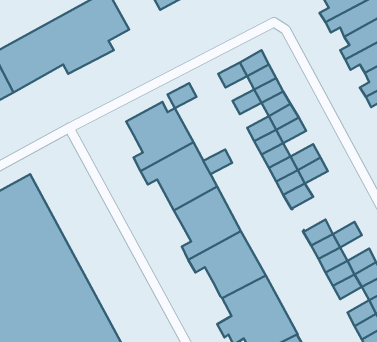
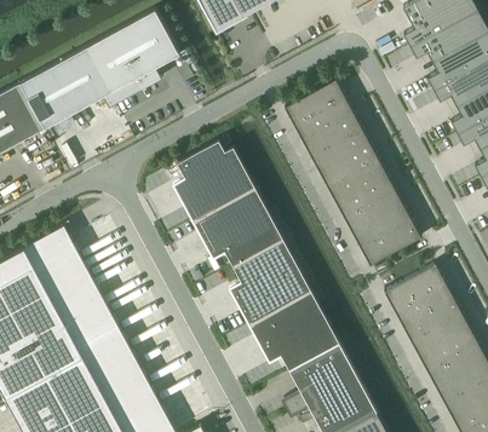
building: [168,83,196,108] -> [293,110,327,139]
building: none -> [361,174,396,205]
building: [203,149,232,174] -> [310,142,344,171]
building: none -> [386,221,421,252]
building: none -> [411,264,444,295]
building: none -> [427,296,461,327]
building: none -> [427,357,461,387]

